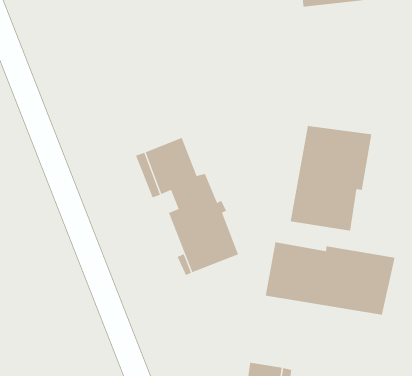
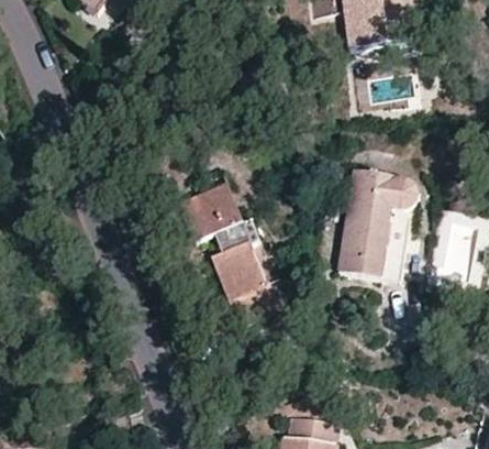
building: [265,241,395,315] -> none

